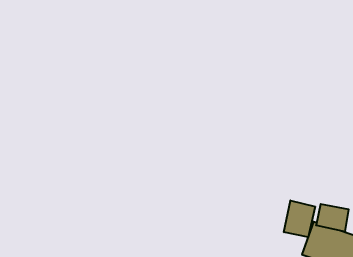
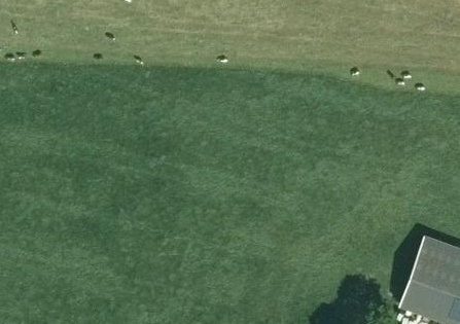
building: [284,200,315,237] -> none

